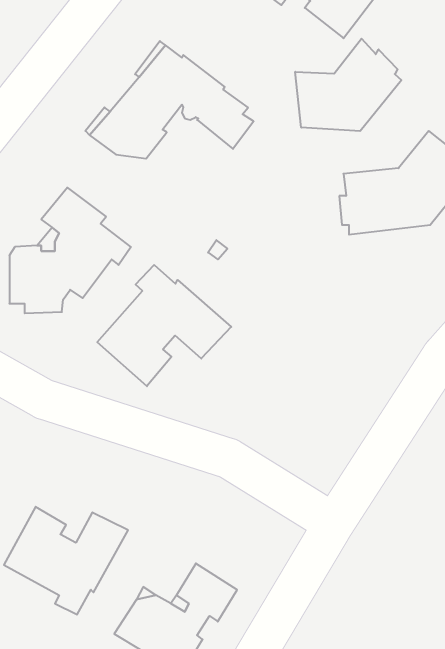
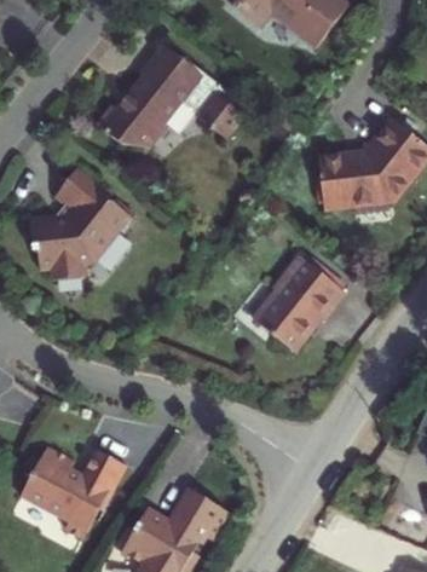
building: [295,39,401,131] -> none
building: [97,265,231,386] -> none
building: none -> [260,260,351,356]

